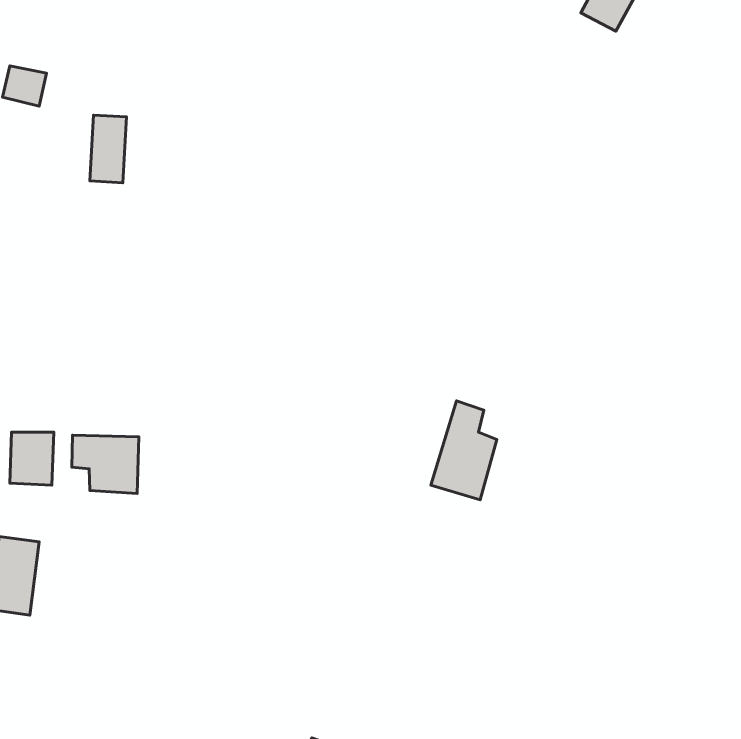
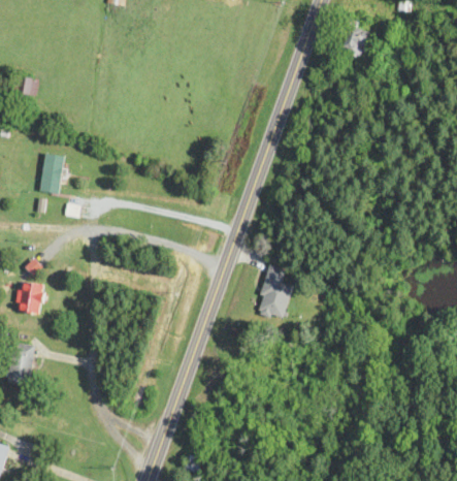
building: [90,115,127,183] -> [42,154,63,192]
building: [72,435,139,494] -> none

